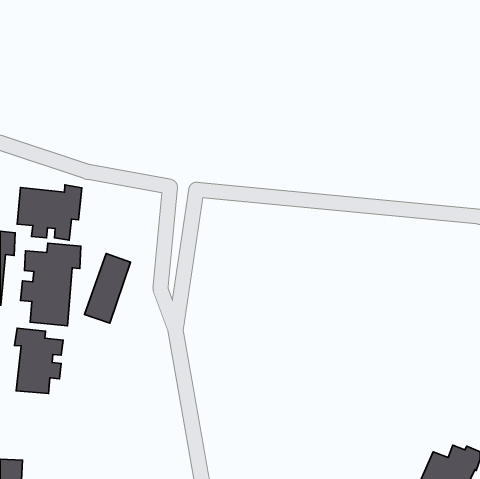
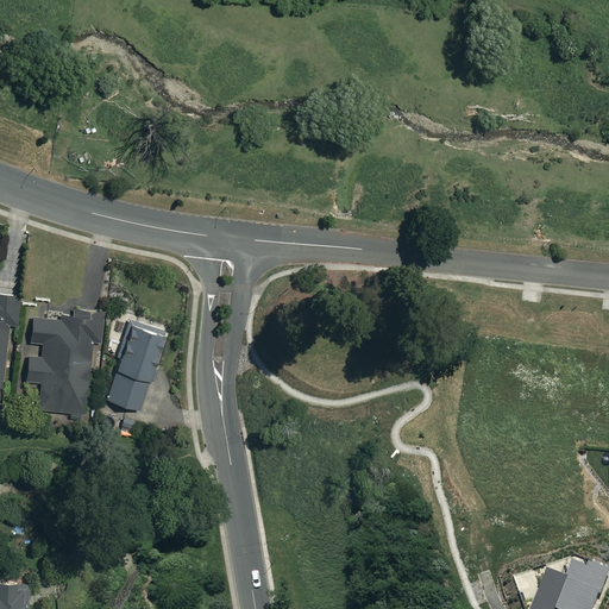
building: [17,185,82,240] -> none
building: [15,328,63,394] -> none

